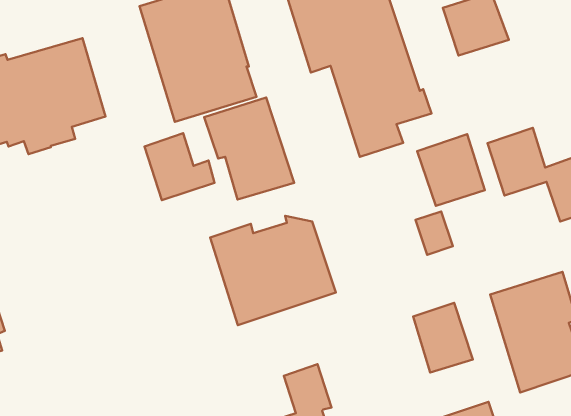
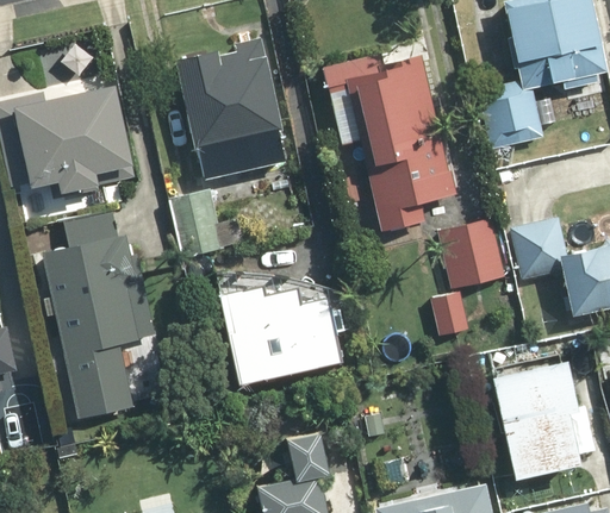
building: [204,97,294,199] -> none
building: none -> [43,211,154,415]
building: [413,303,473,373] -> none

